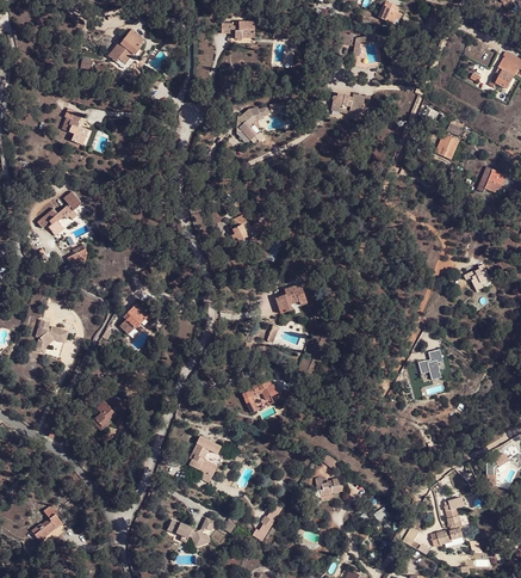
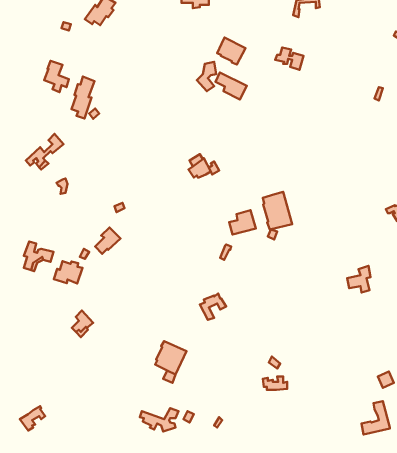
building: none -> [217,38,245,64]
building: none -> [215,72,247,100]
building: none -> [71,76,95,119]
building: none -> [263,192,292,230]
building: none -> [54,261,82,283]

